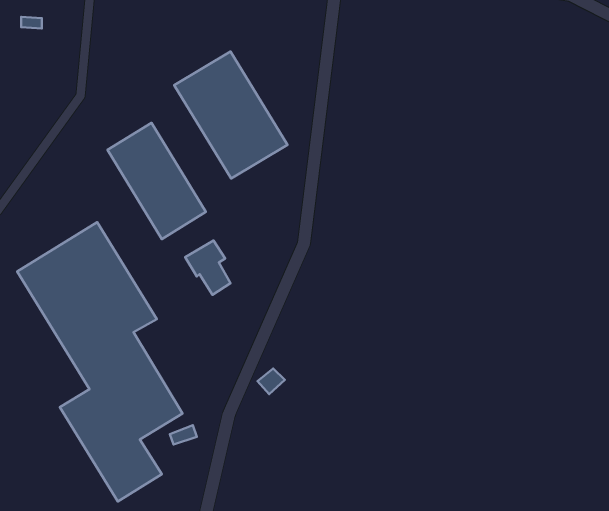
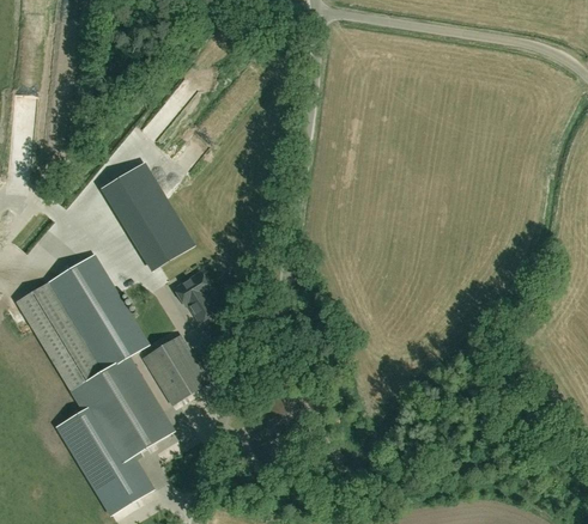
building: [174,51,287,179] -> none
building: none -> [143,335,208,404]

